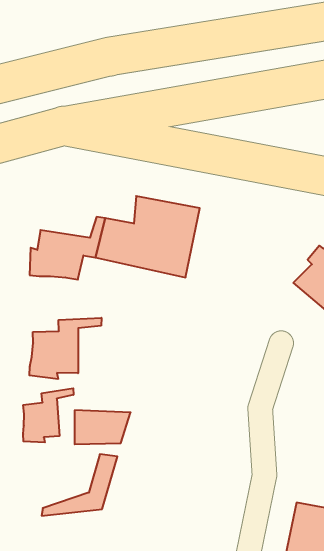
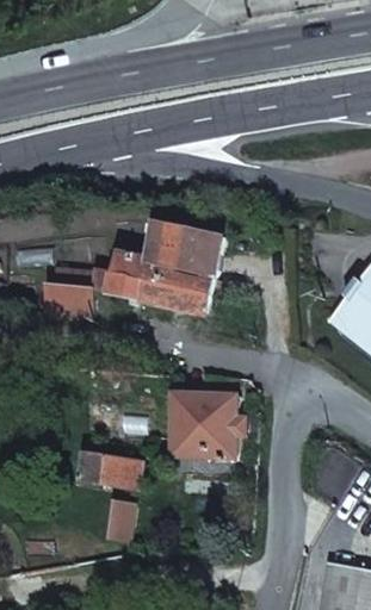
building: [29,318,101,379] -> none
building: none -> [175,394,248,461]
building: [23,388,73,442] -> none

